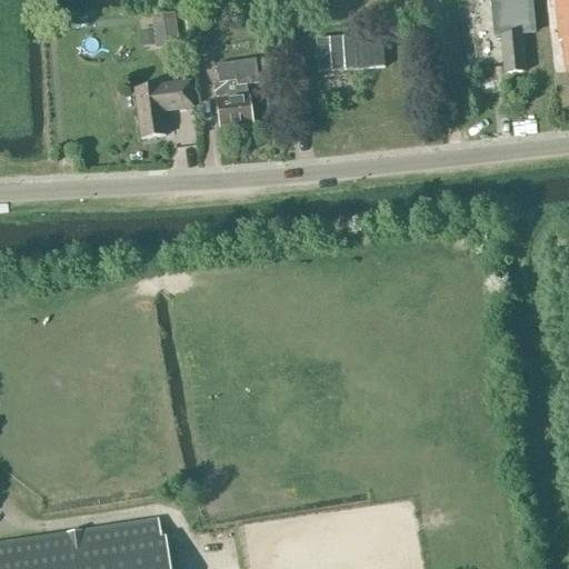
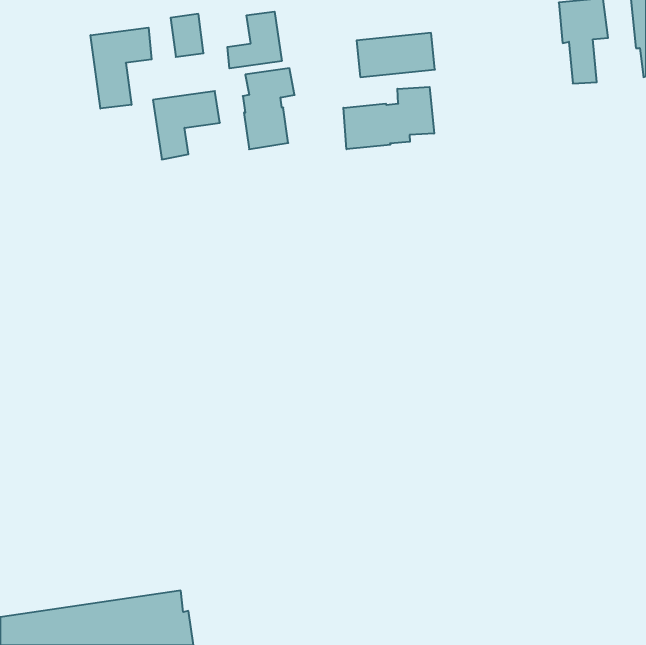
building: none -> [227,12,282,68]
building: none -> [91,28,152,109]
building: none -> [343,87,434,149]

